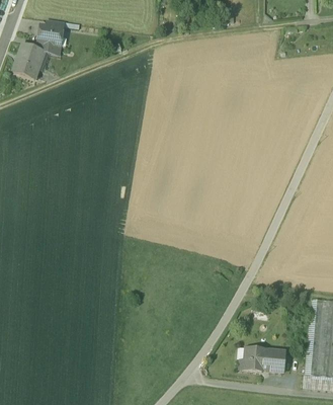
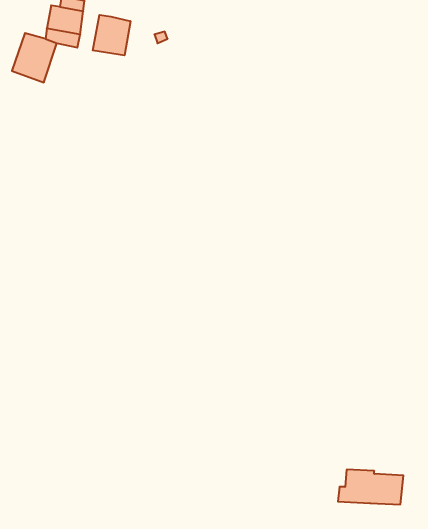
building: none -> [93,15,130,55]

